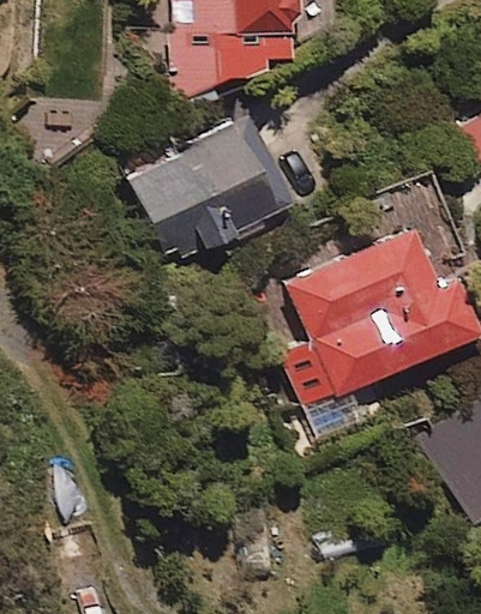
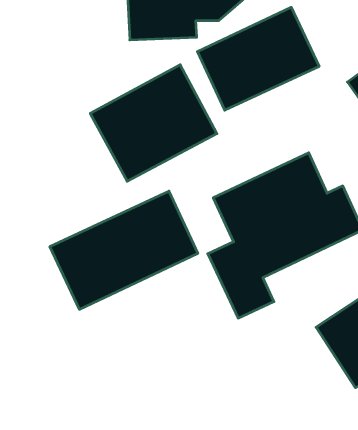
building: none -> [197,7,319,110]
building: none -> [50,191,198,309]

